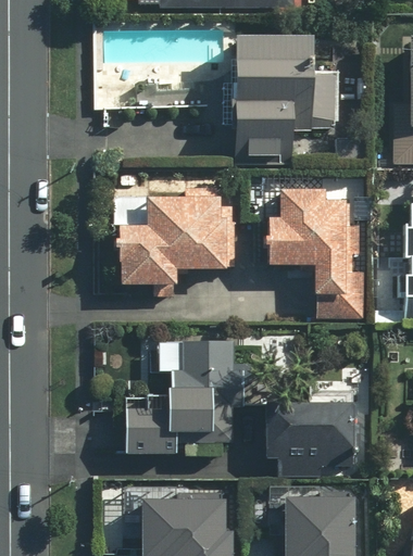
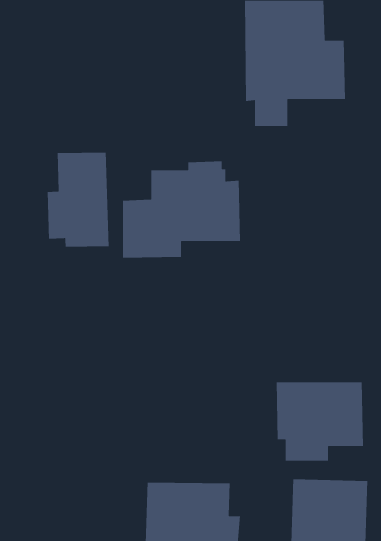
building: none -> [47,152,110,247]
building: [270,188,363,317] -> none
building: [126,341,242,451] -> none

